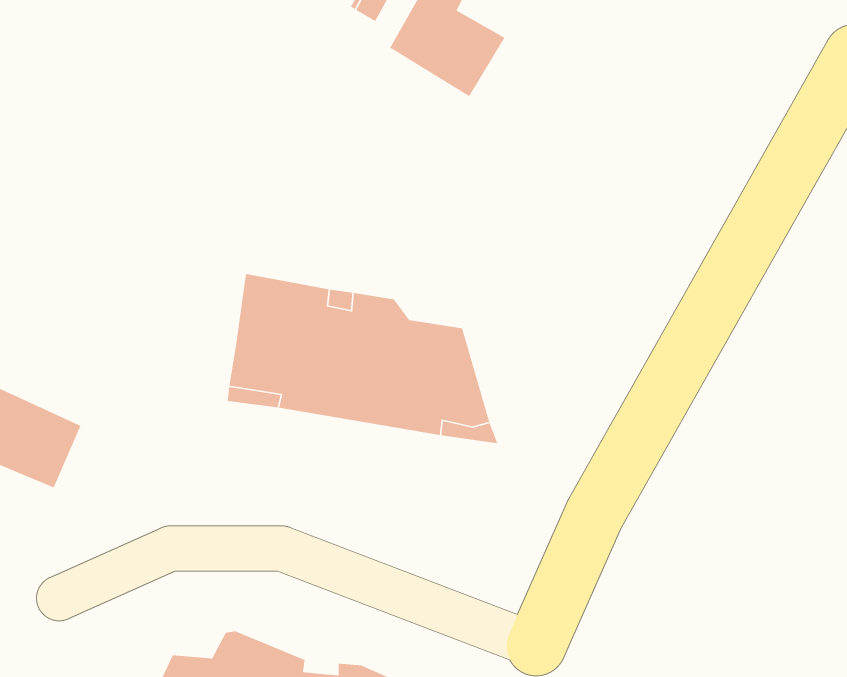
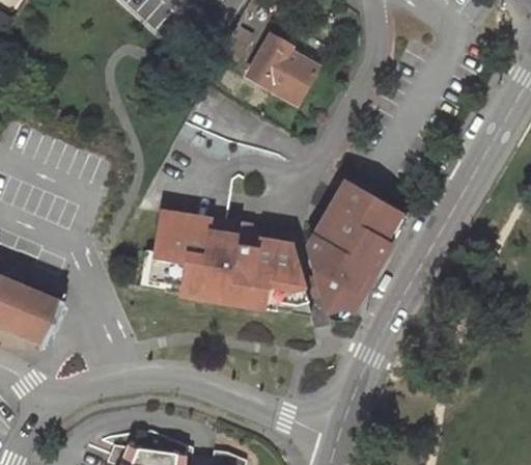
building: none -> [307,182,406,314]

